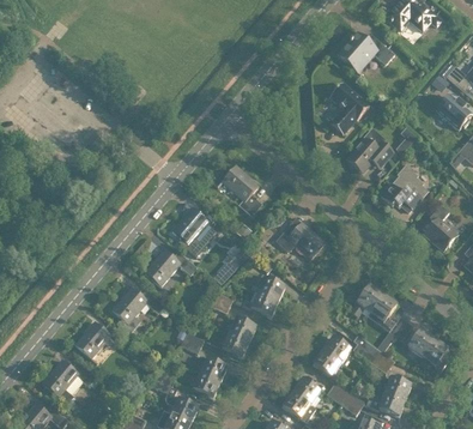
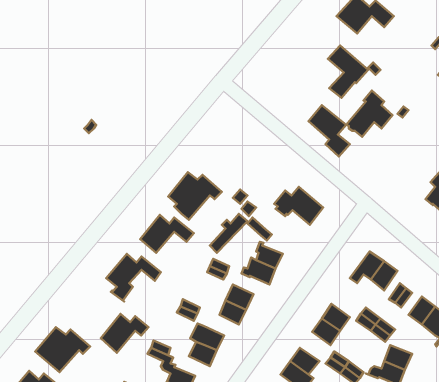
building: [220,165,261,216] -> [308,105,350,156]
building: [380,167,426,212] -> none
building: [74,321,121,359] -> [101,314,149,353]

